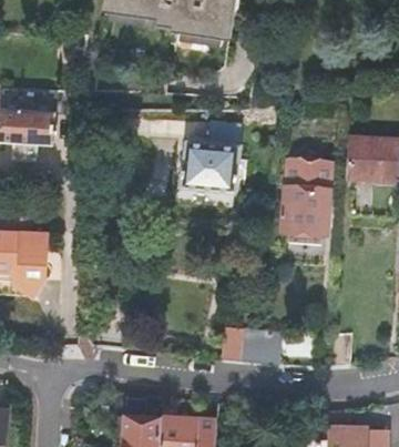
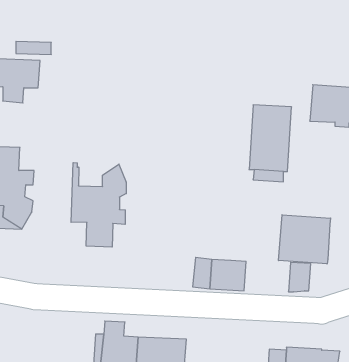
building: [182,133,242,184] -> none
building: none -> [71,163,126,247]
building: none -> [279,215,331,264]

